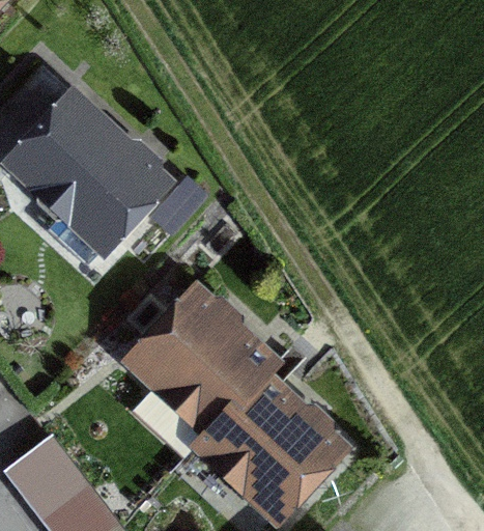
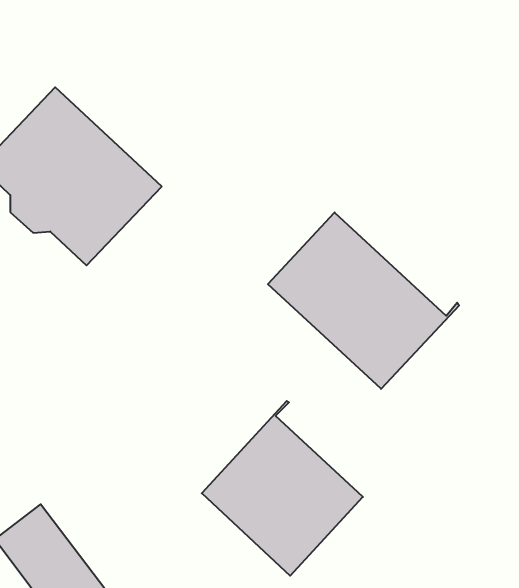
building: none -> [268,212,459,389]
building: [134,292,272,442] -> none

